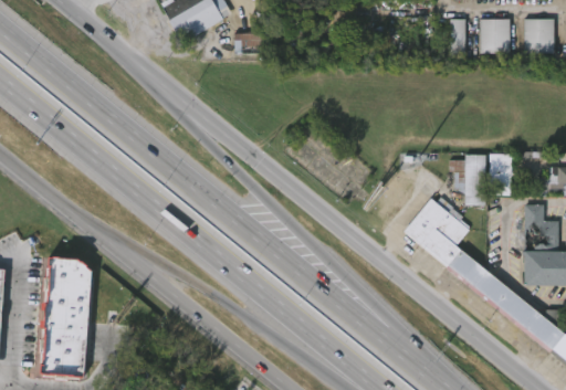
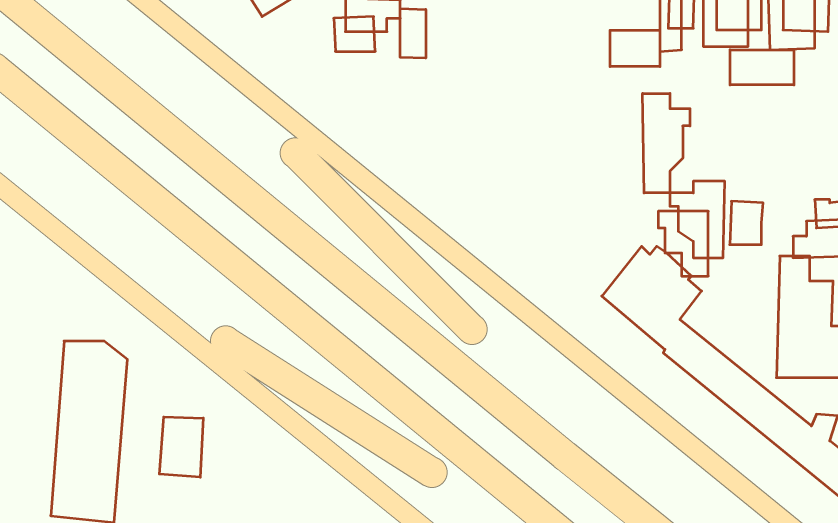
building: none -> [400,9,426,58]
building: none -> [610,30,660,67]
building: none -> [730,50,794,85]
building: none -> [643,93,690,193]
building: none -> [159,417,203,477]

